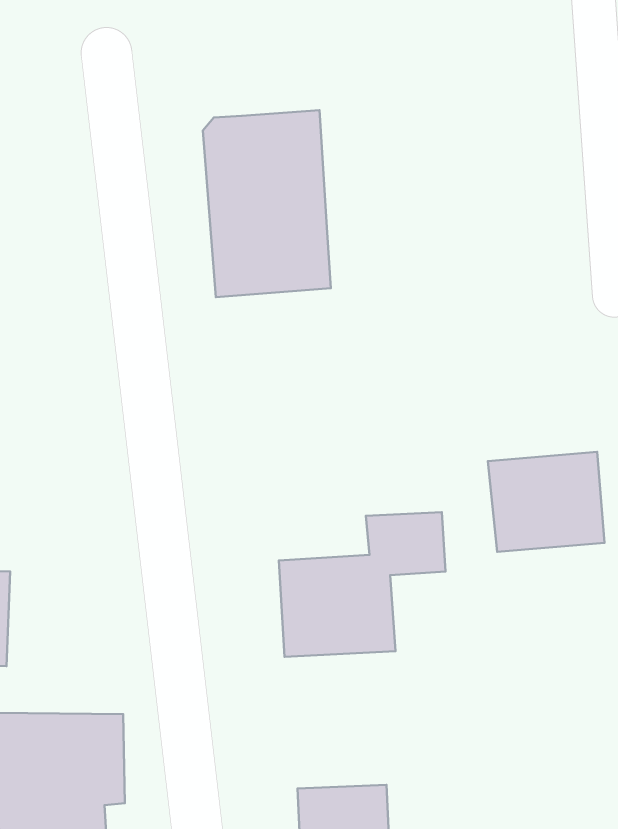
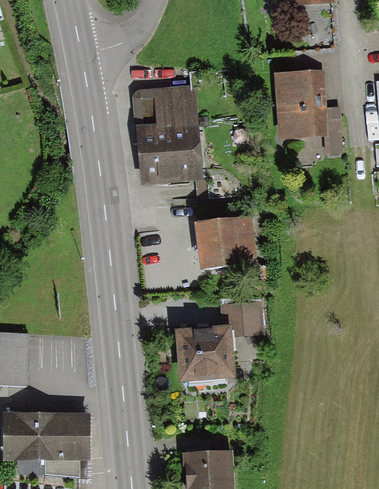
building: none -> [277,77,337,156]
building: [488,452,605,552] -> [194,216,257,270]

